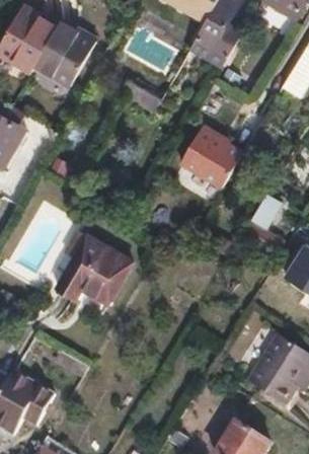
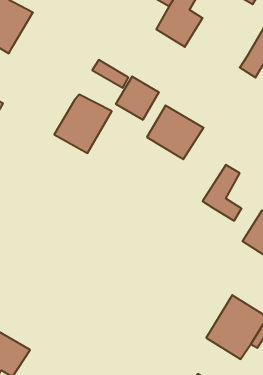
building: [34,21,97,85] -> [54,95,112,153]
building: none -> [116,76,159,120]
building: [57,236,132,301] -> none

